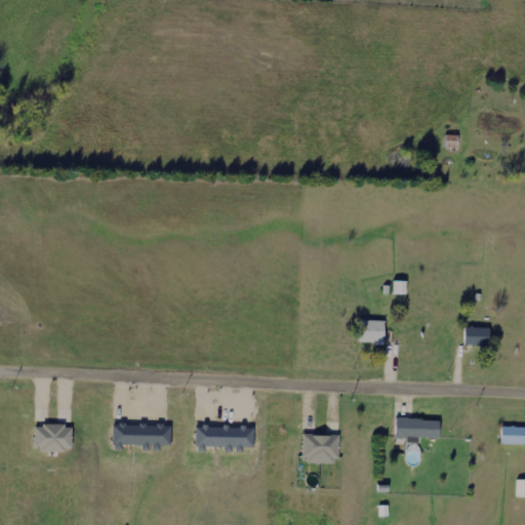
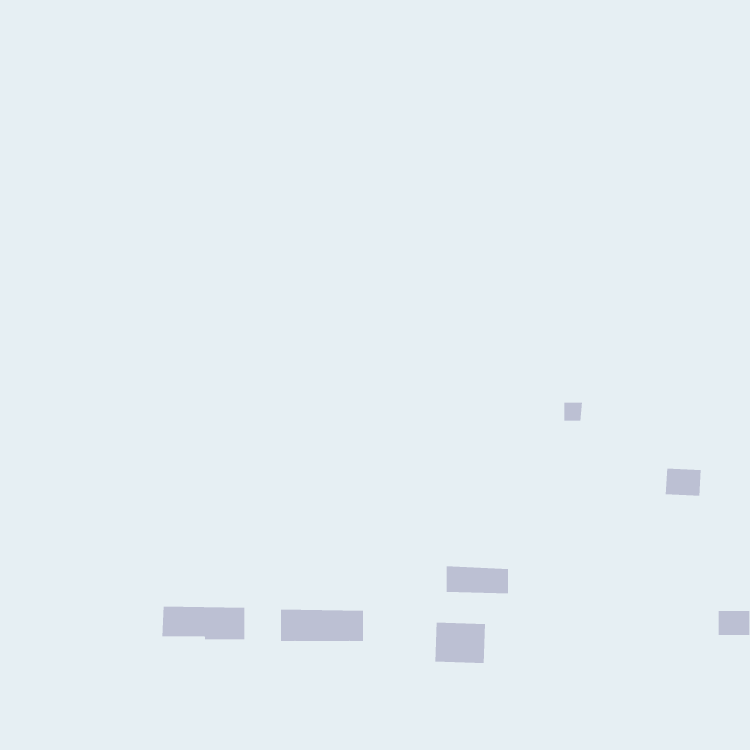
building: [361,320,386,344] -> none
building: [396,418,440,438] -> [446,566,509,594]
building: [35,426,73,451] -> none

